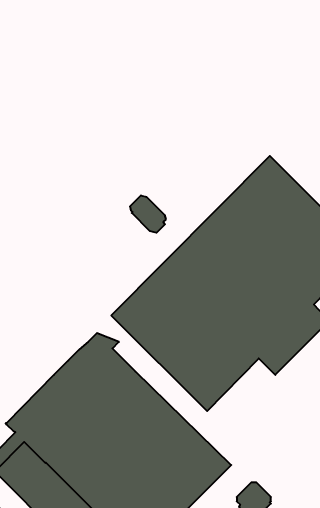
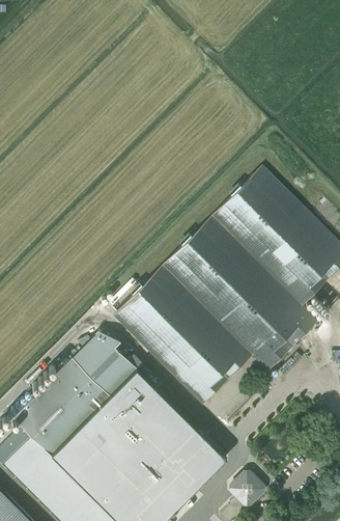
building: [130,195,166,233] -> none

